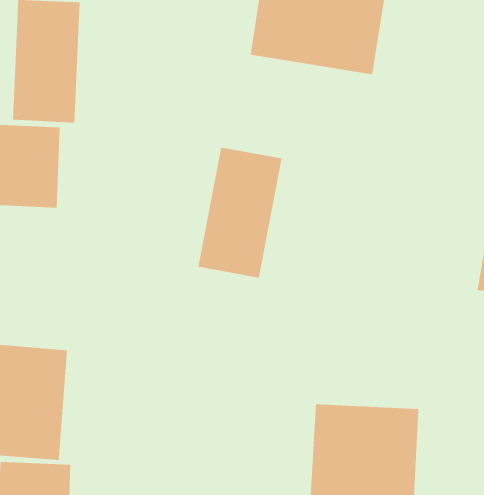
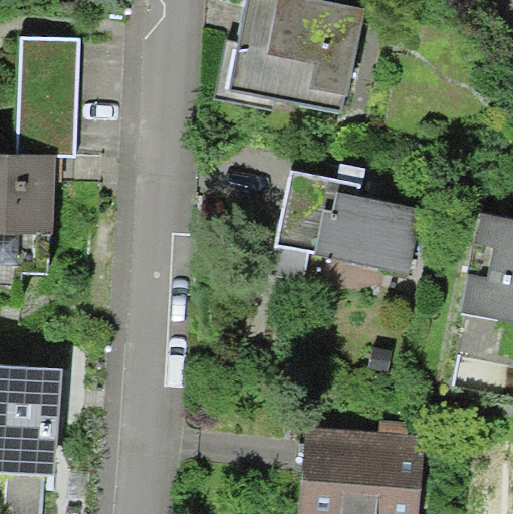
building: none -> [275,170,434,281]
building: [198,147,282,279] -> none

